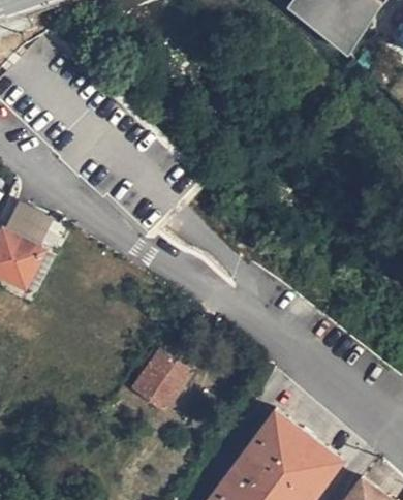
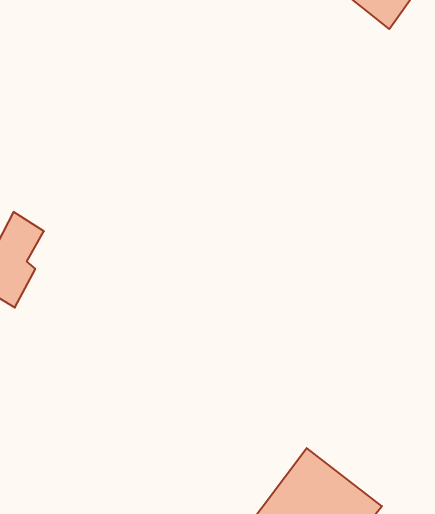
building: [136,346,190,405] -> none

